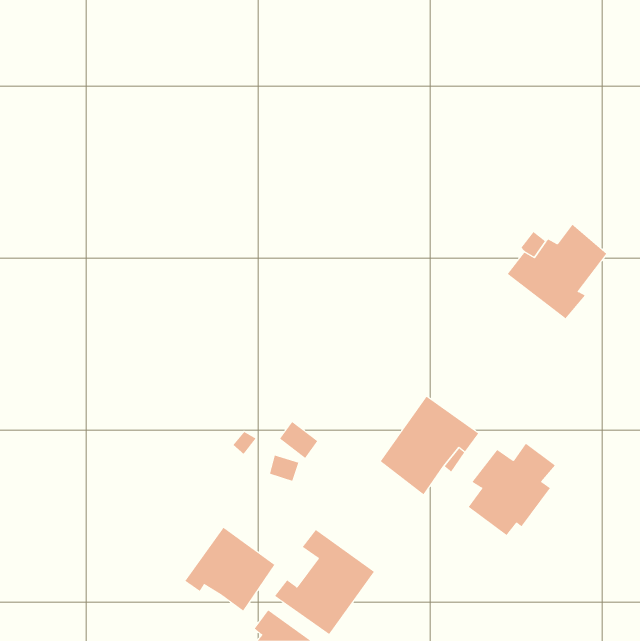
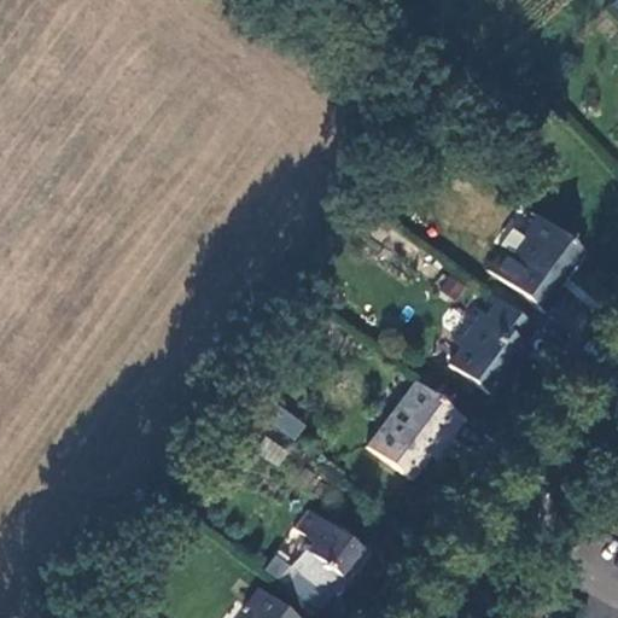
building: [468,443,556,536] -> [448,299,532,389]
building: [184,527,275,612] -> none

